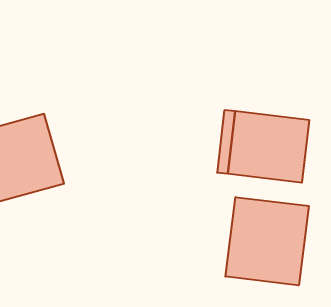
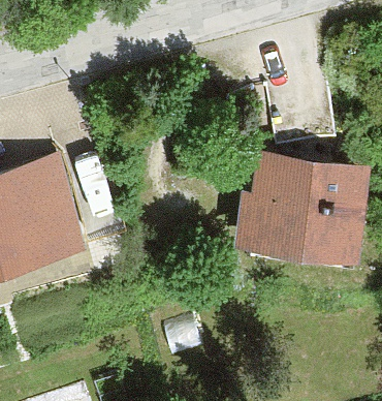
building: [225,197,309,285] -> none

